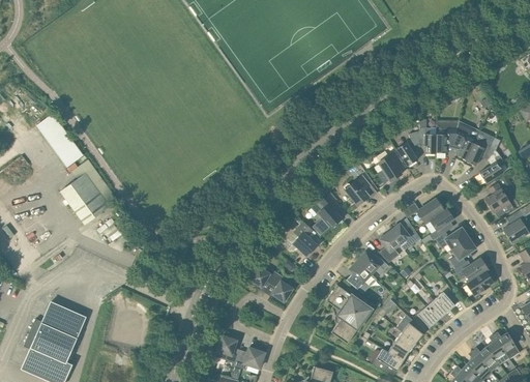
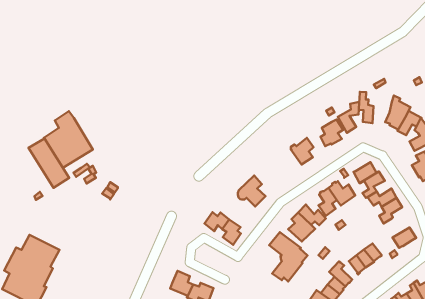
building: [34,112,83,168] -> [28,139,69,188]
building: [437,125,458,153] -> none
building: [312,193,343,228] -> none
building: [454,259,489,284] -> none

